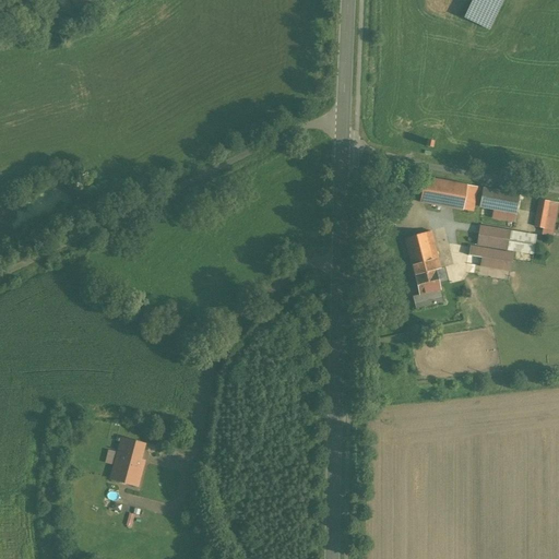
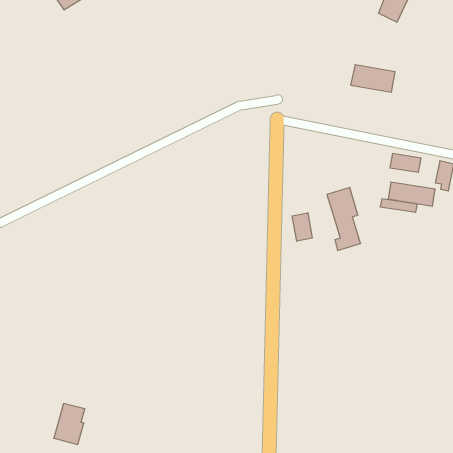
building: [423,177,477,211] -> [351,65,395,92]
building: none -> [292,213,312,241]
building: [109,436,147,486] -> [54,404,85,444]

